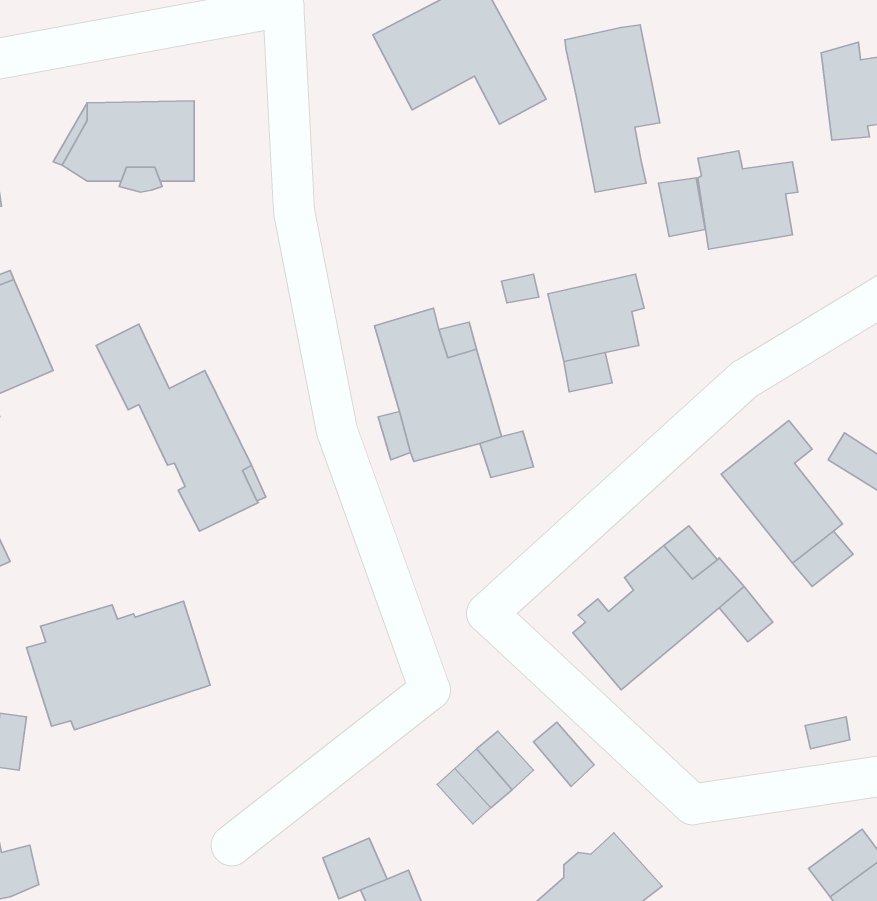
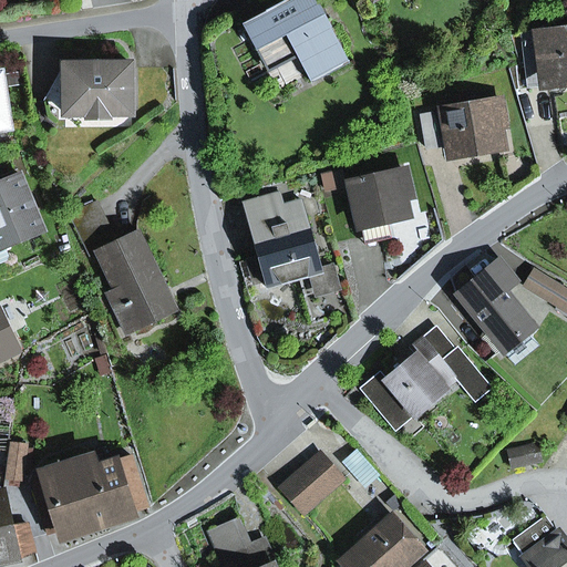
building: [565,25,660,192] -> none
building: [26,601,210,730] -> [33,455,147,535]

